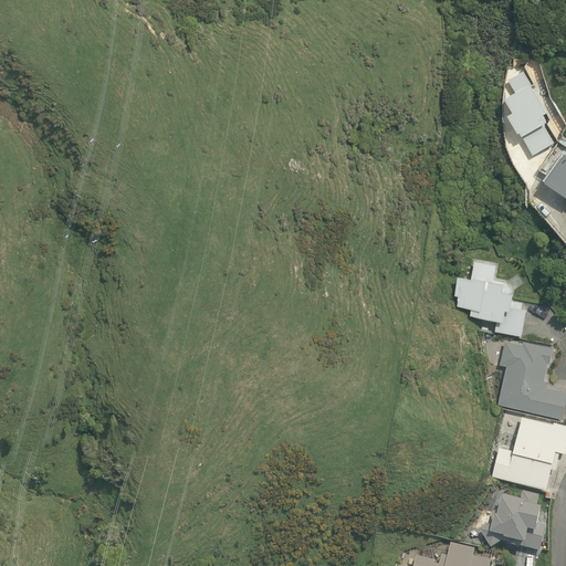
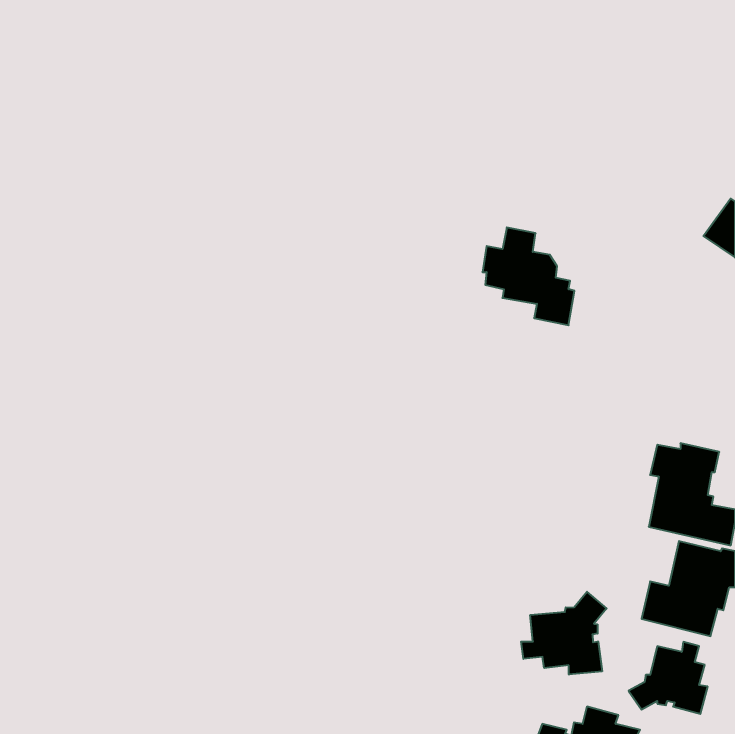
building: [505,70,554,154] -> none
building: [455,262,526,337] -> [482,227,574,325]
building: none -> [521,592,607,675]

